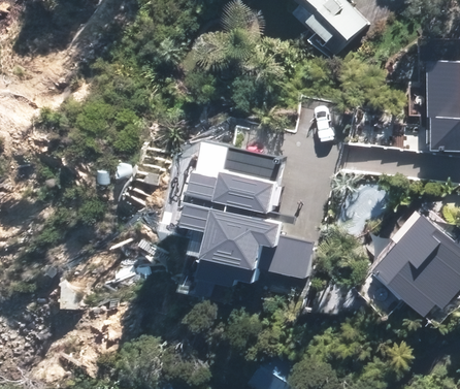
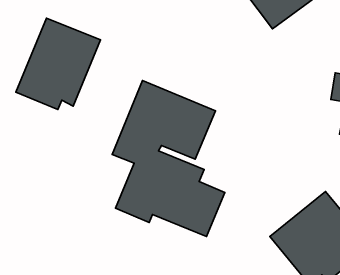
building: none -> [16,18,100,110]

